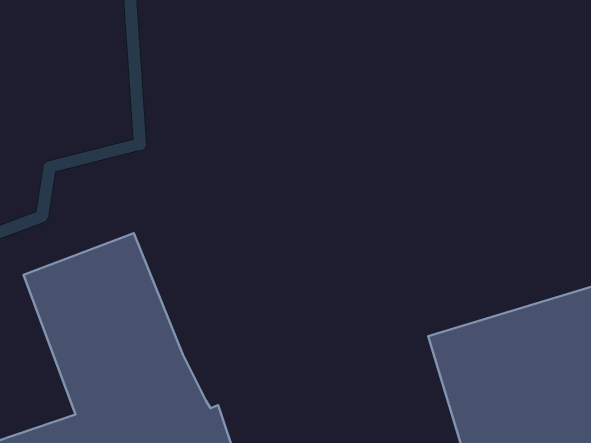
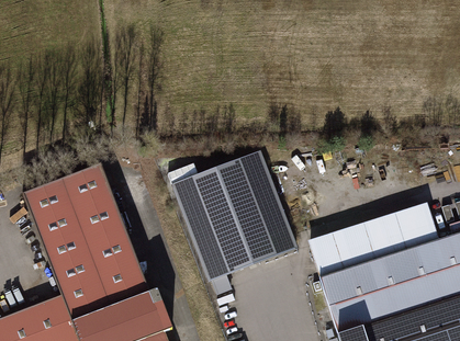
building: none -> [171,147,301,284]

